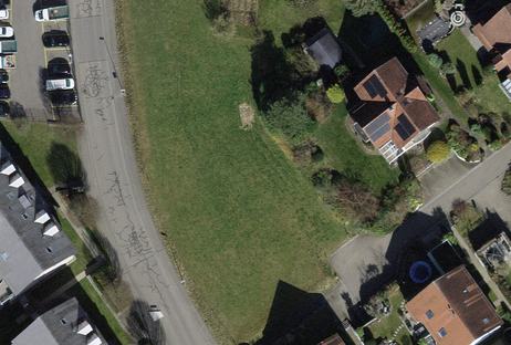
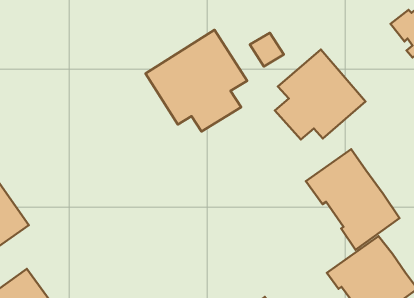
building: none -> [145,30,247,131]
building: none -> [306,149,400,250]

